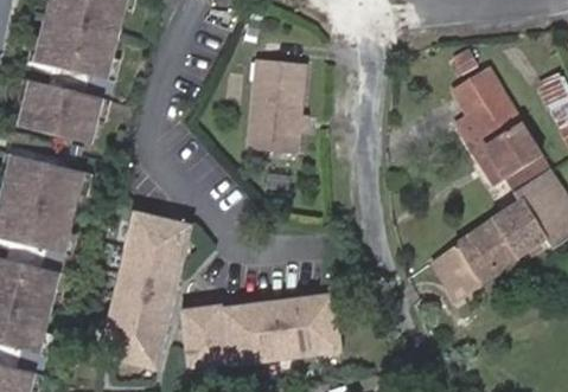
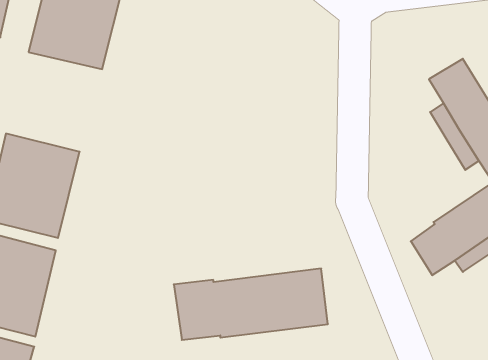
building: [245,59,301,150] -> none
building: [15,79,104,146] -> none
building: [103,211,194,368] -> none

